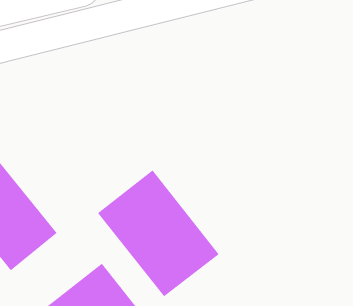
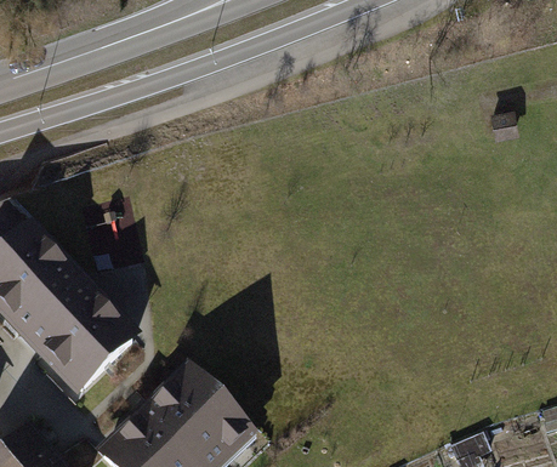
building: [97,169,219,297] -> none

